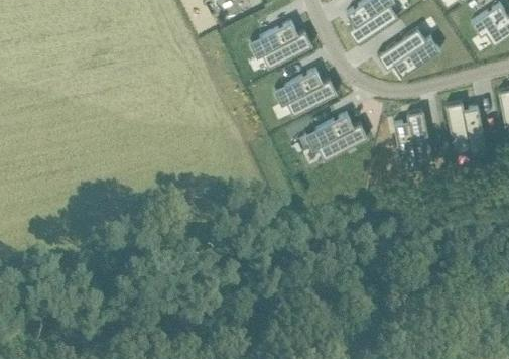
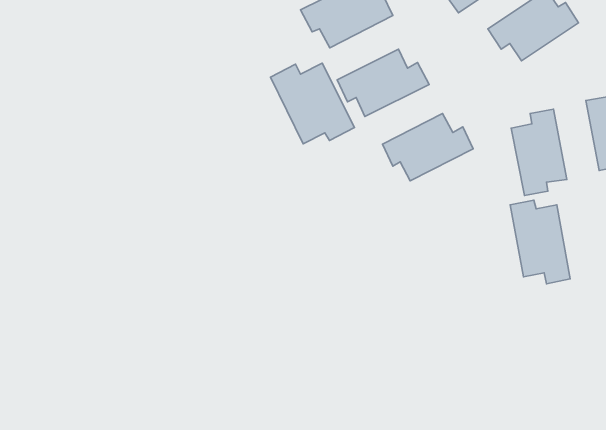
building: none -> [270,63,354,144]
building: none -> [510,200,570,284]

